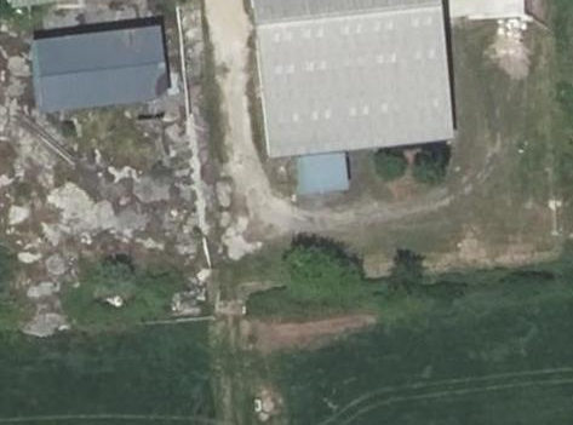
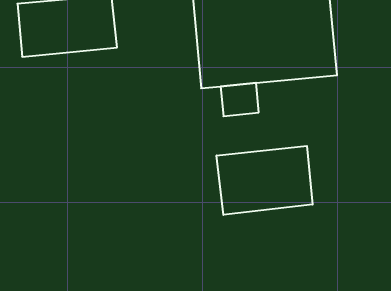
building: none -> [217,146,313,215]

